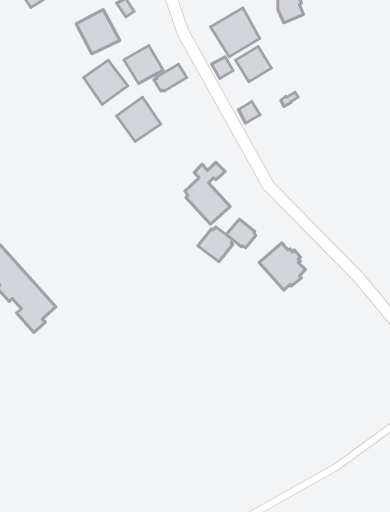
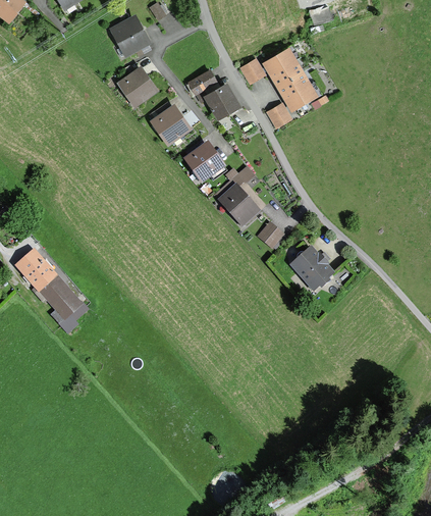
building: [211,8,260,57] -> none
building: [124,45,163,84] -> [203,80,241,117]
building: none -> [279,71,315,107]
building: none -> [182,139,227,182]
building: [198,227,233,262] -> none

